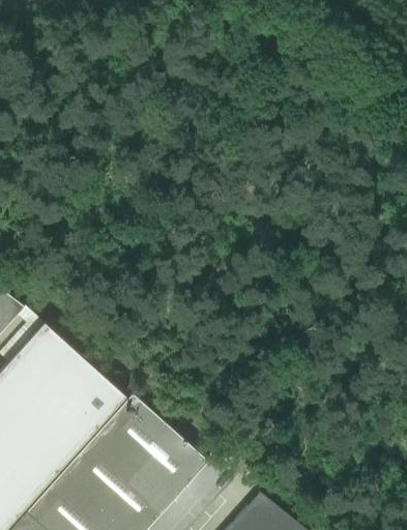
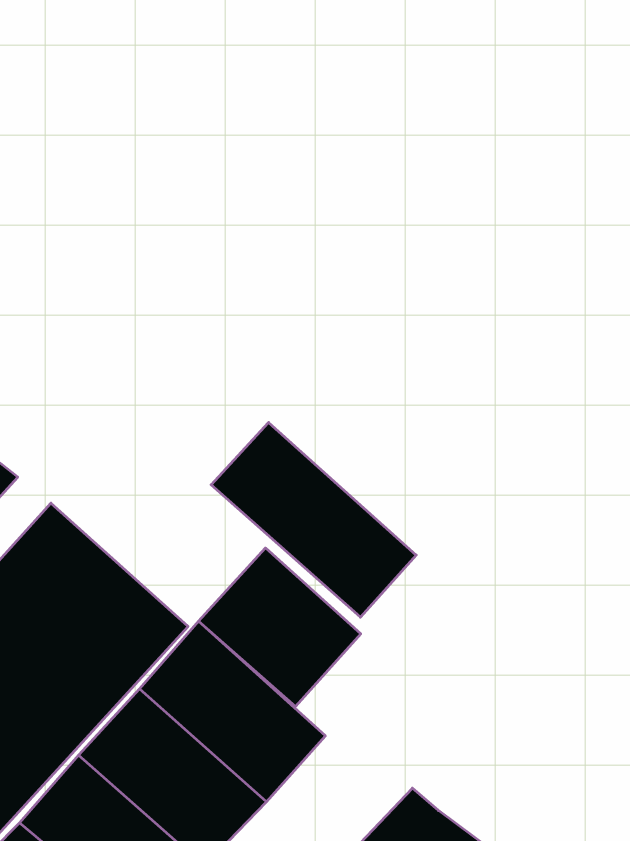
building: none -> [211,422,416,617]
building: none -> [199,548,361,707]

